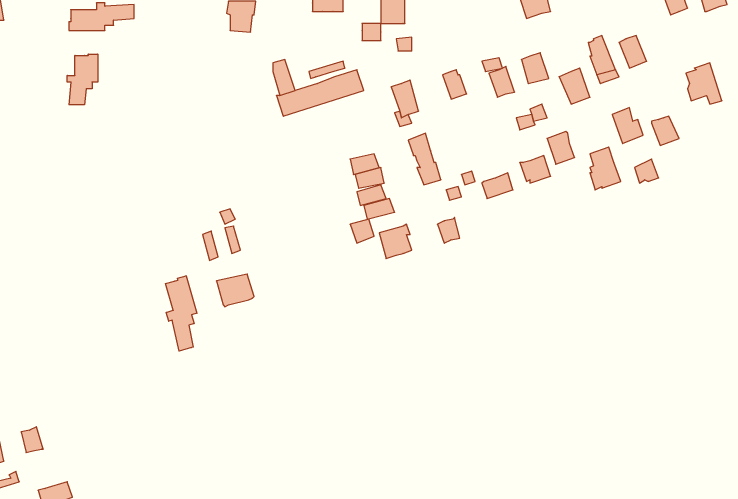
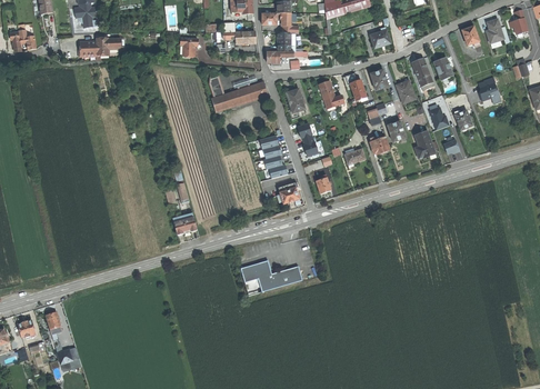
building: [67,54,98,105] -> none
building: [166,276,197,351] -> none
building: none -> [240,262,302,295]

